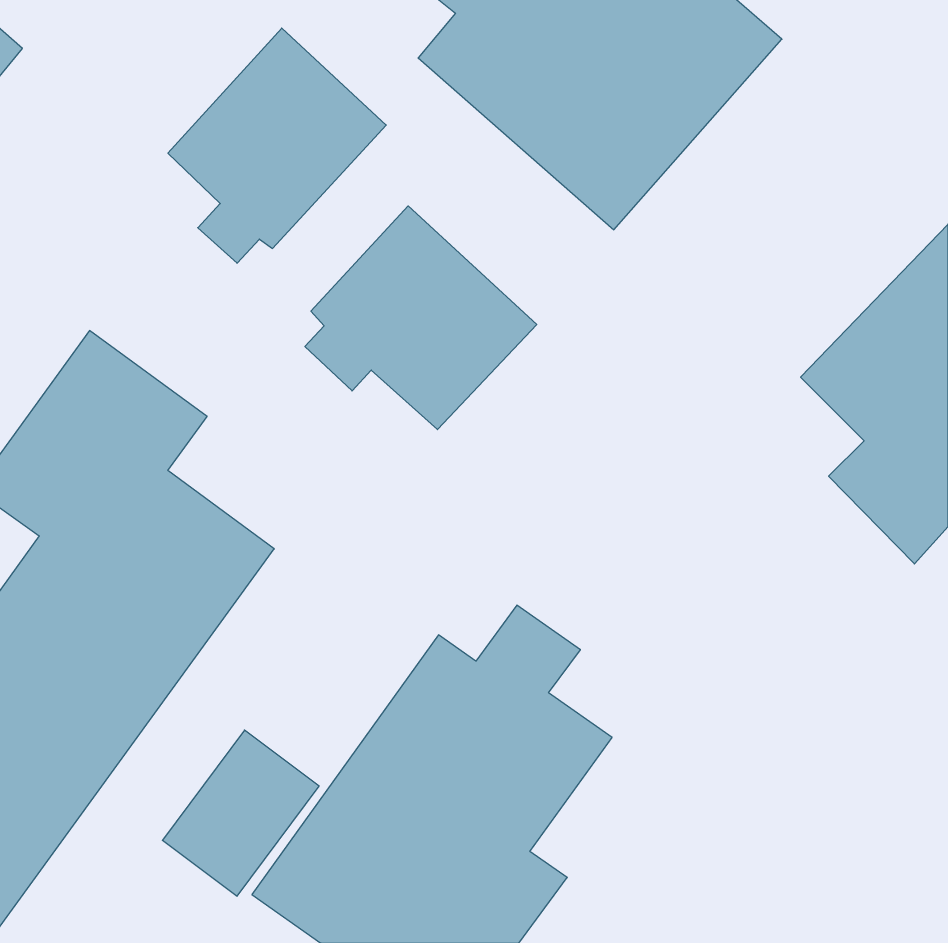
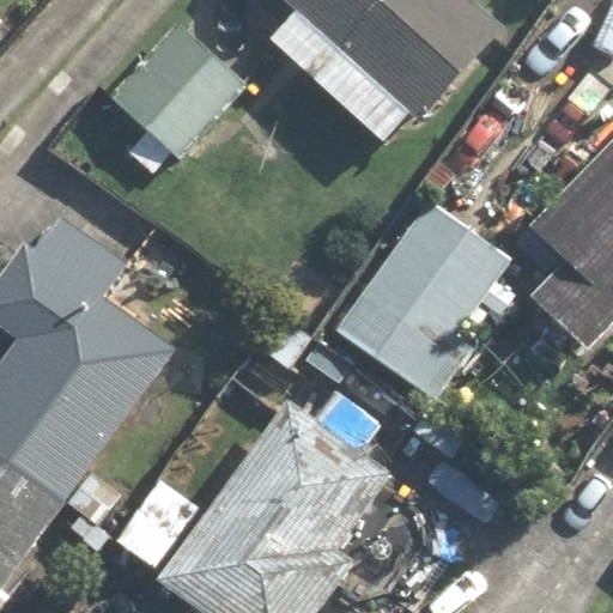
building: [305,206,537,430] -> none
building: none -> [333,200,508,401]

